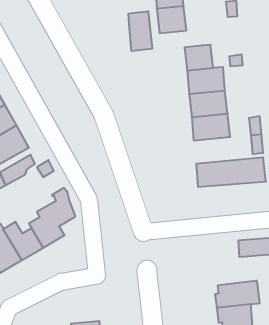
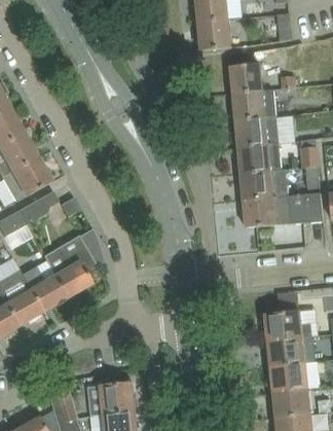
building: [129,11,152,51] -> none
building: none -> [240,171,289,201]
building: none -> [262,311,312,340]

